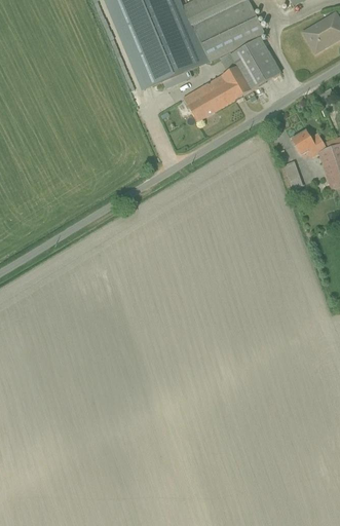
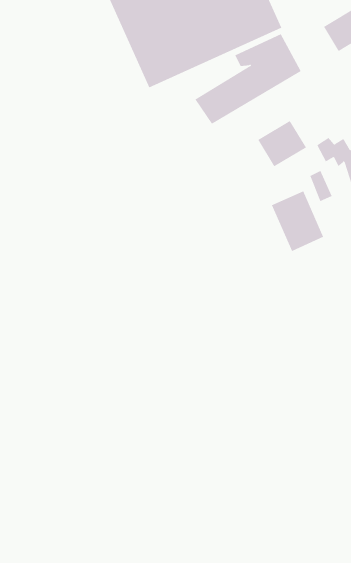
building: none -> [257,120,307,167]
building: none -> [271,190,324,252]

